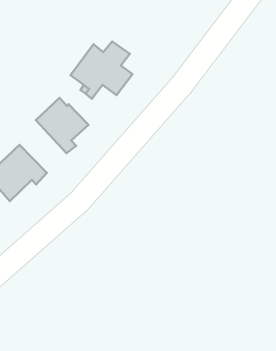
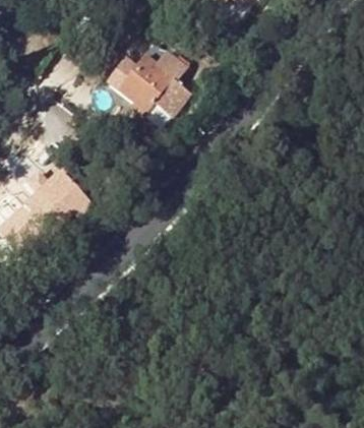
building: [36,98,88,153] -> none

